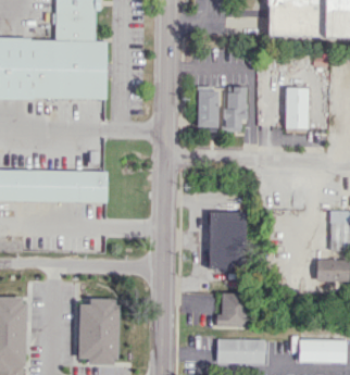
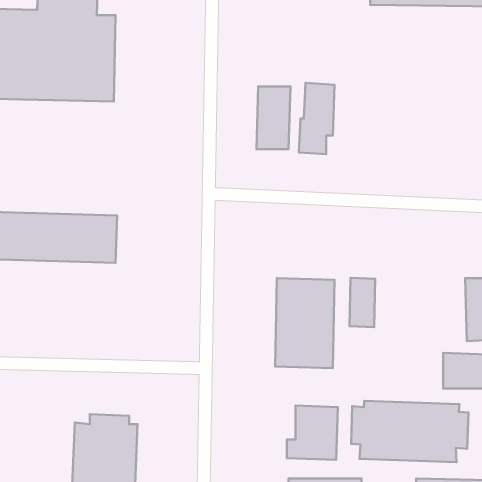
building: [284,87,308,130] -> none
building: none -> [350,278,375,327]
building: none -> [351,401,468,462]

